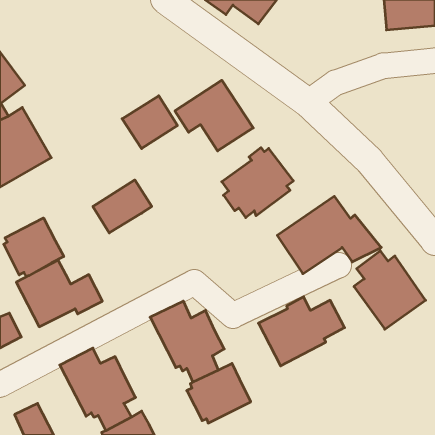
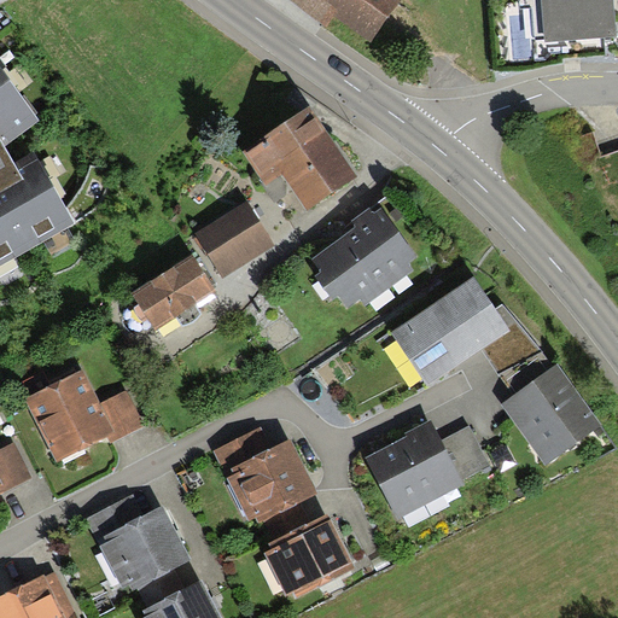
building: [122,96,177,149] -> [194,202,273,276]
building: [4,218,64,276] -> none

